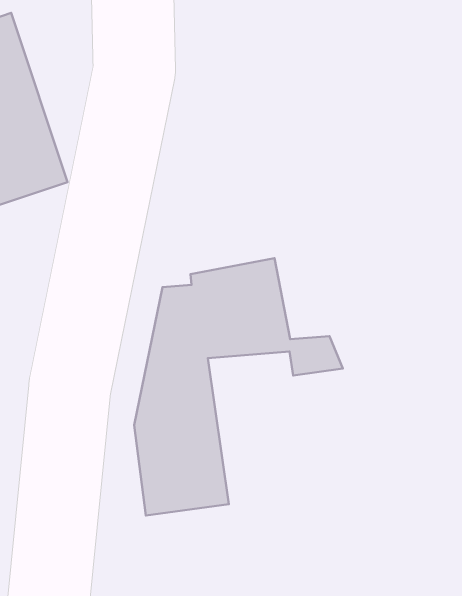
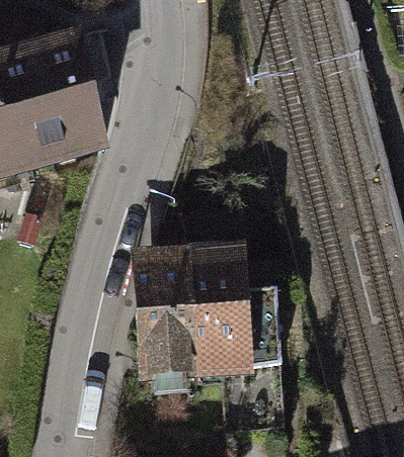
building: none -> [187,277,281,375]

